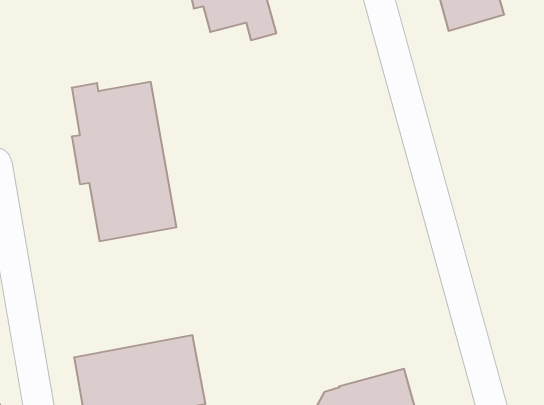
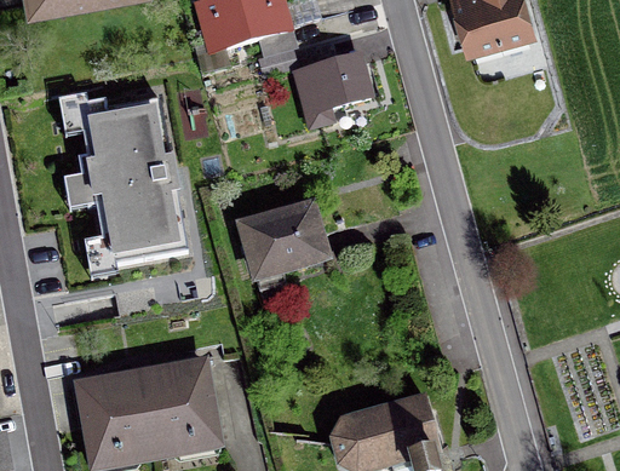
building: none -> [294,53,377,125]
building: none -> [239,208,329,277]

